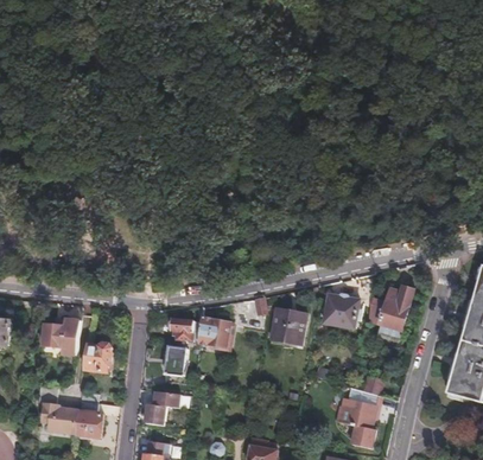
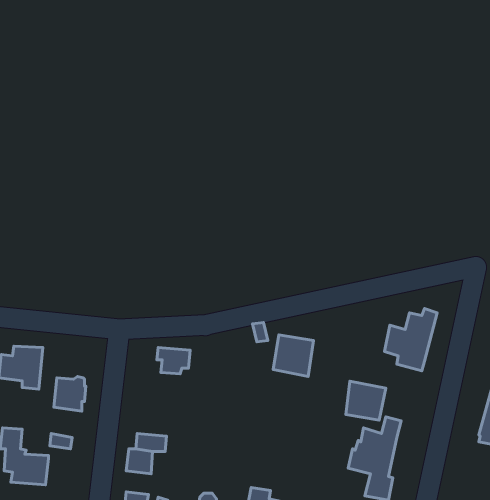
building: [325,293,360,326] -> [346,381,386,420]
building: [197,315,231,340] -> none
building: [165,344,186,377] -> none
building: [76,413,101,437] -> none

